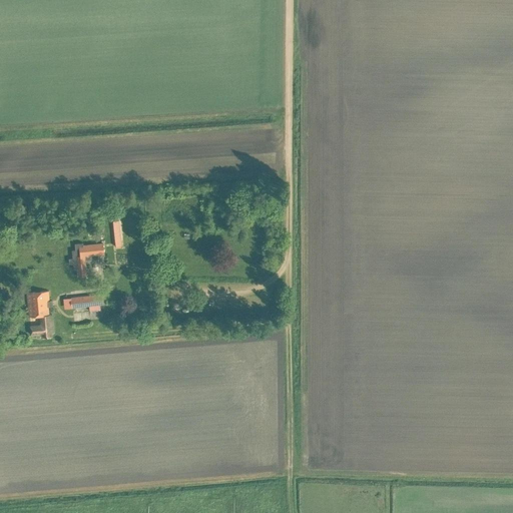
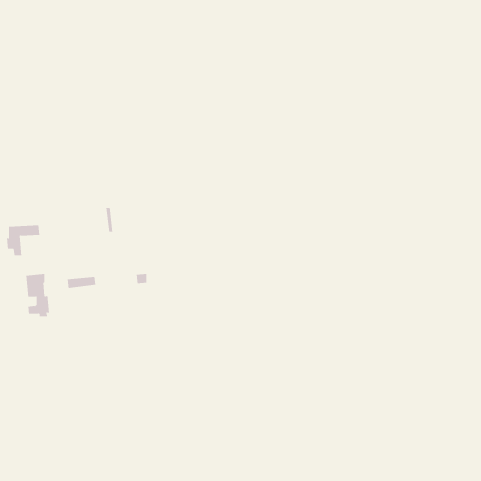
building: [72,242,108,276] -> [6,225,40,256]

